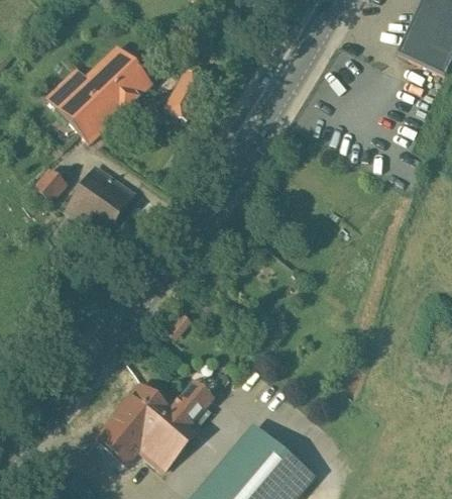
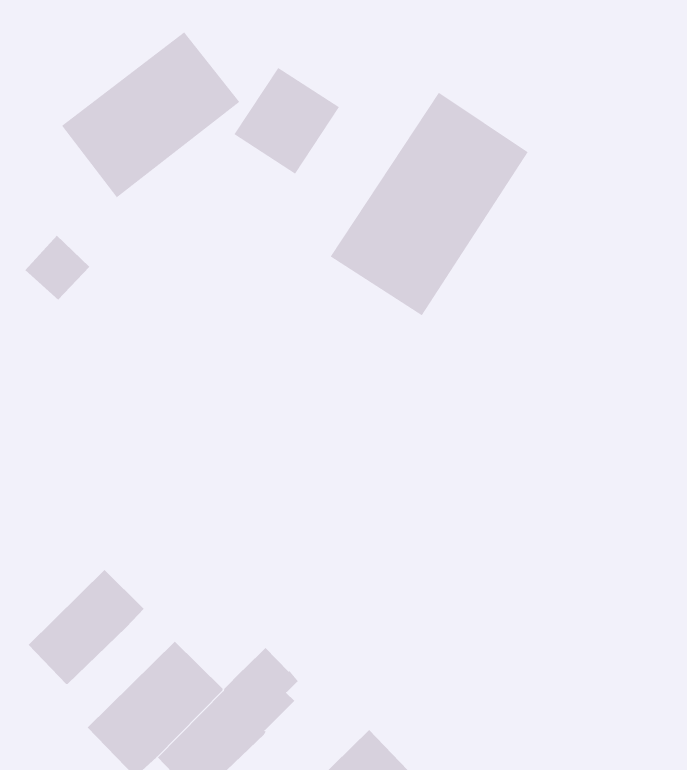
building: none -> [330,92,529,316]
building: [65,165,132,233] -> none
building: none -> [28,569,145,685]

